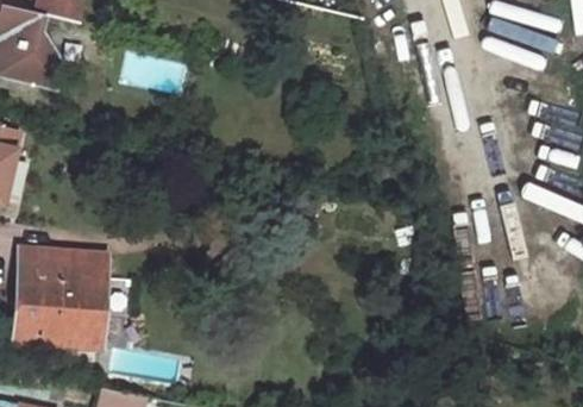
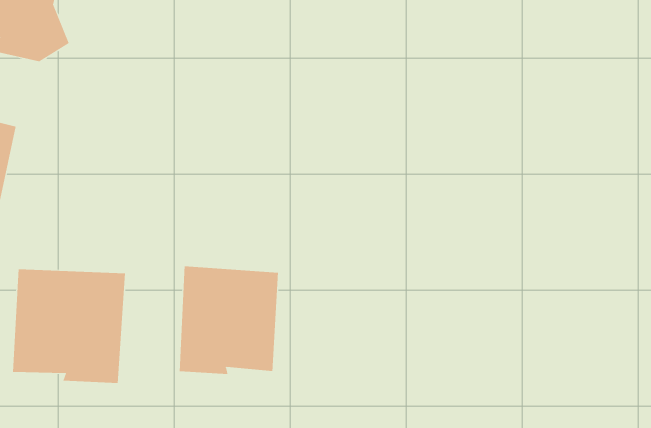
building: none -> [179,265,278,375]

